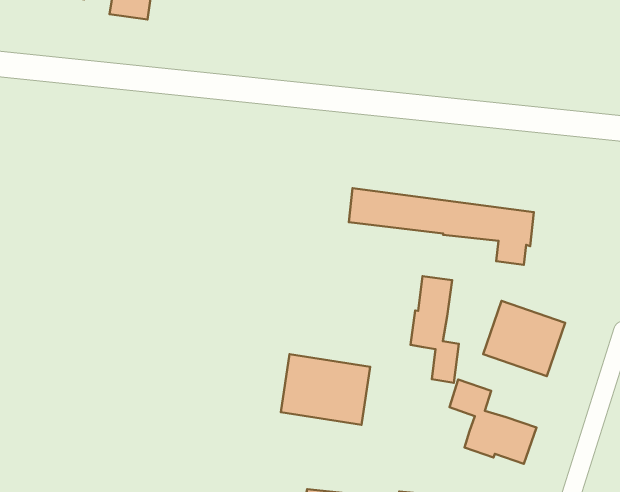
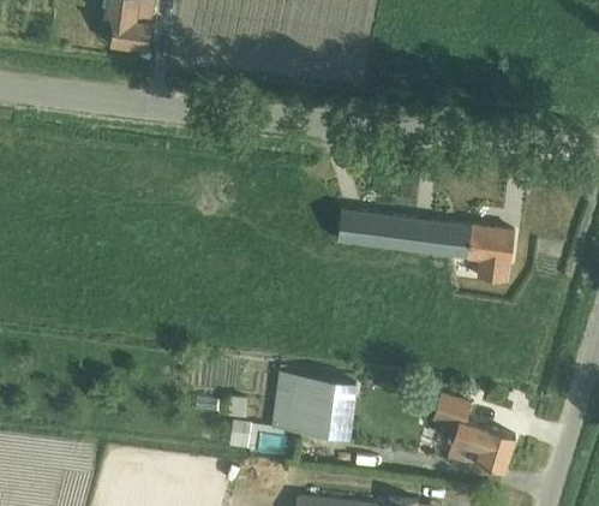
building: [411,276,459,383] -> none
building: [483,301,565,376] -> none

